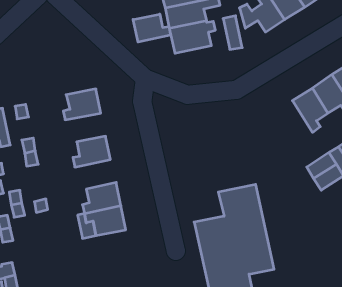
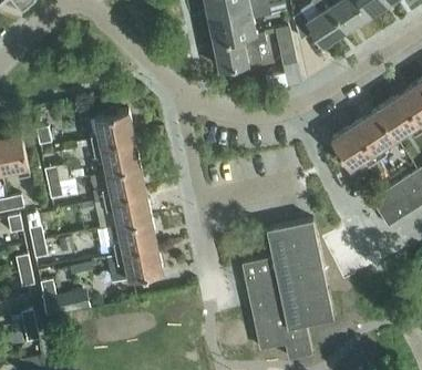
building: [133,14,171,42] -> none
building: none -> [331,124,378,168]
building: none -> [93,138,140,172]
building: none -> [104,192,152,226]
building: none -> [40,280,90,317]

